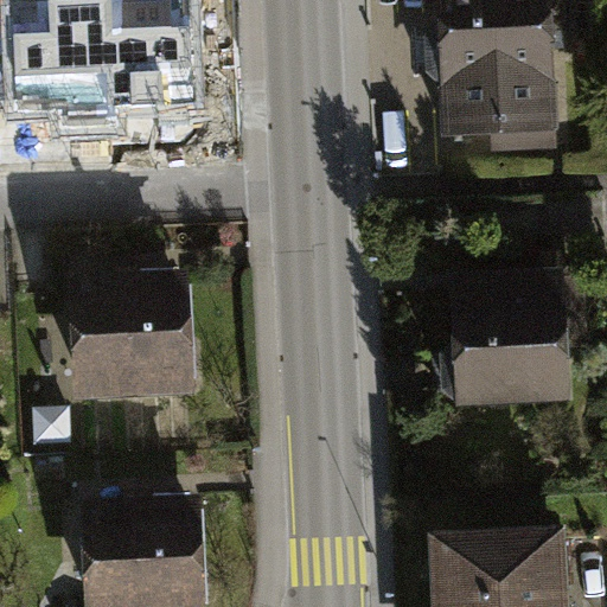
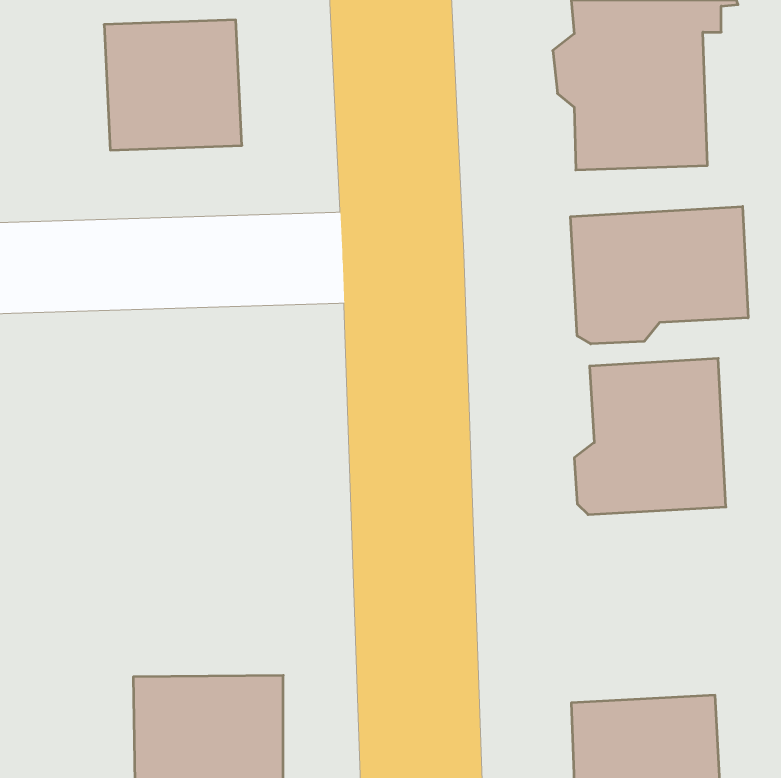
building: [21,23,85,122] -> none
building: none -> [571,206,748,344]
building: [81,287,194,391] -> none

